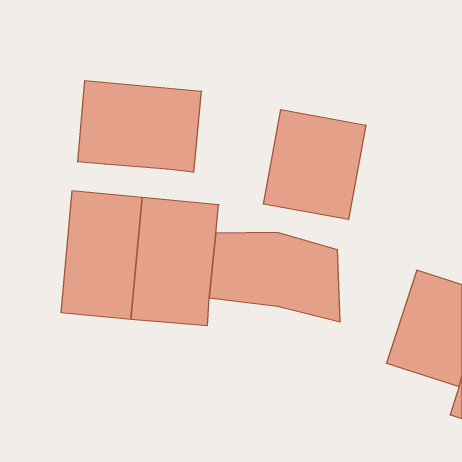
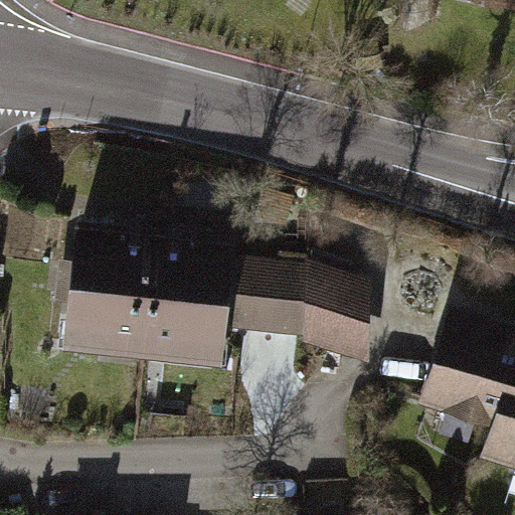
building: [78,81,201,172] -> none
building: [263,110,366,220] -> none

